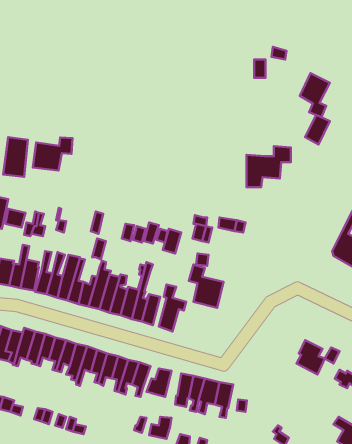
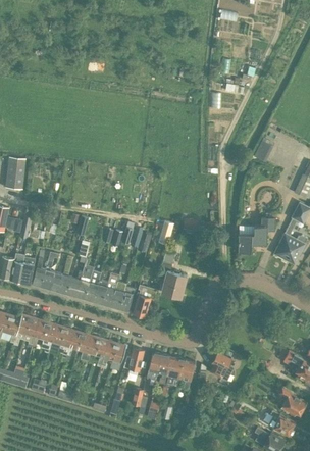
building: [300,73,330,117] -> none
building: [33,138,73,170] -> none
building: [246,146,291,187] -> [239,218,275,252]
building: [296,340,325,375] -> [210,352,234,381]

